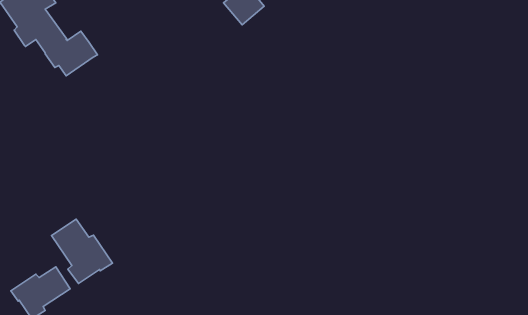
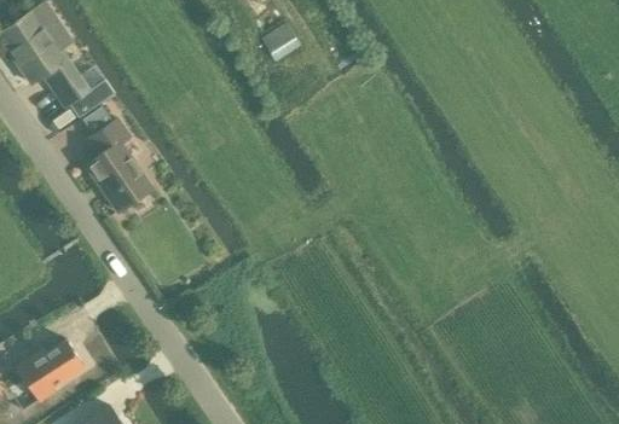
building: none -> [86,121,152,211]
building: [51,219,112,284] -> none

